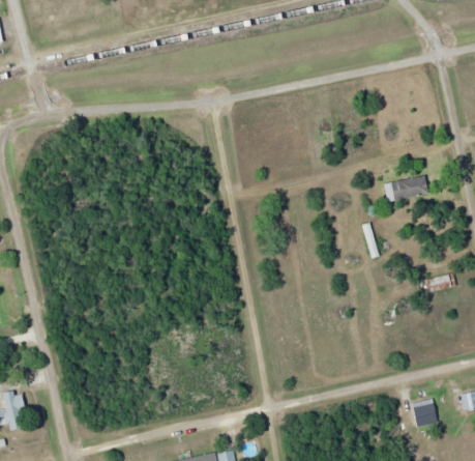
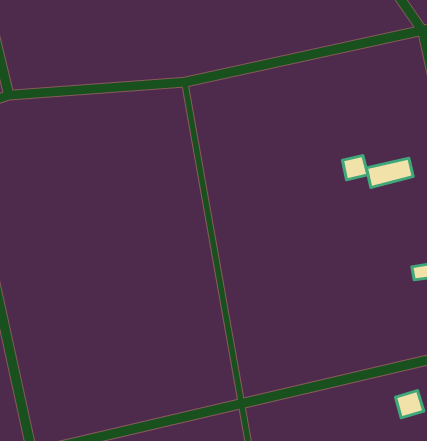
building: none -> [342,156,368,180]

